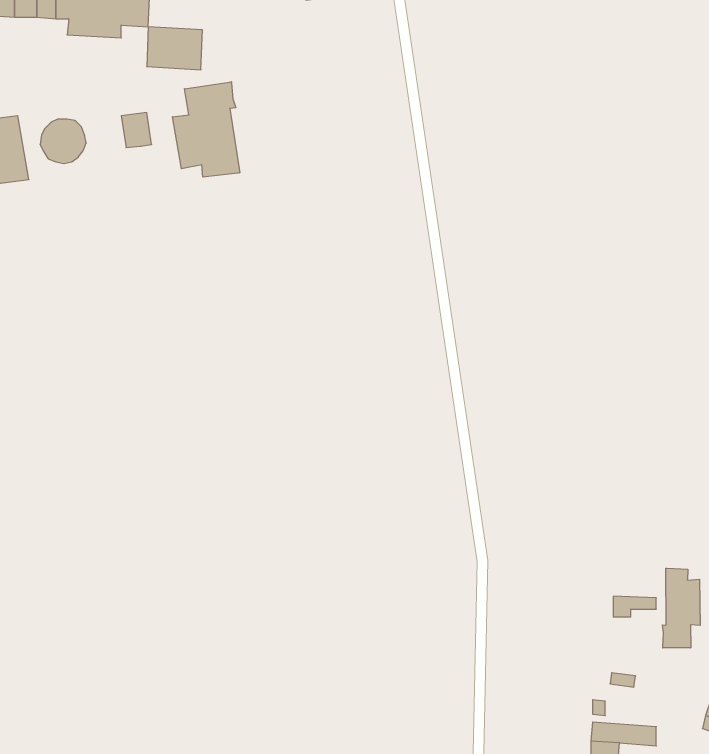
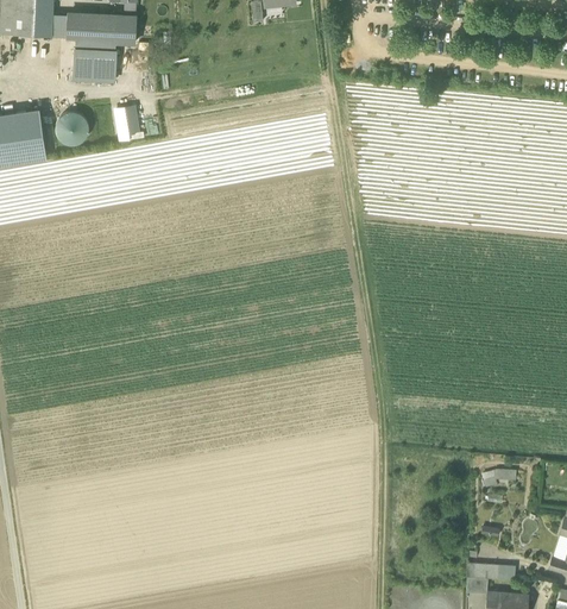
building: [147,27,202,70] -> [74,49,115,81]
building: [172,82,240,177] -> none
building: [662,568,700,648] -> none

